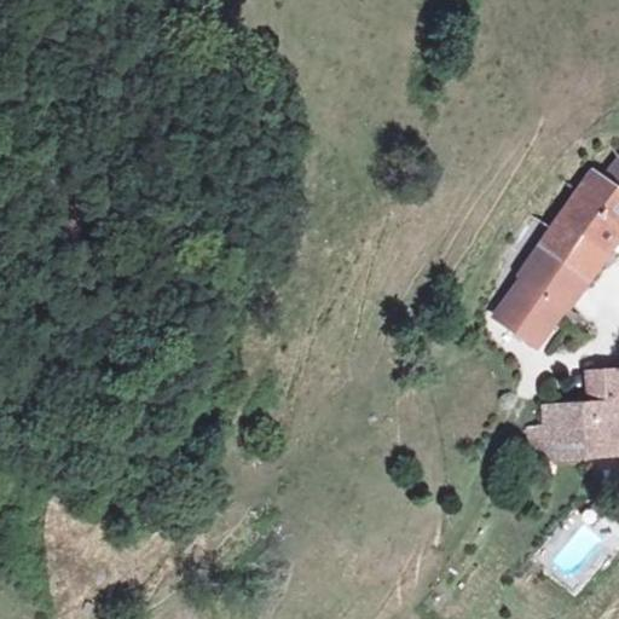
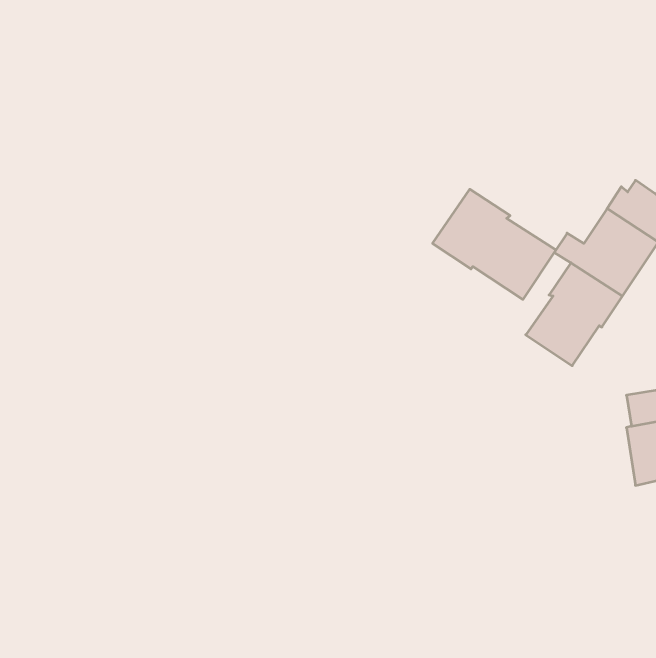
building: none -> [433,189,556,299]
building: [532,401,598,465] -> none

